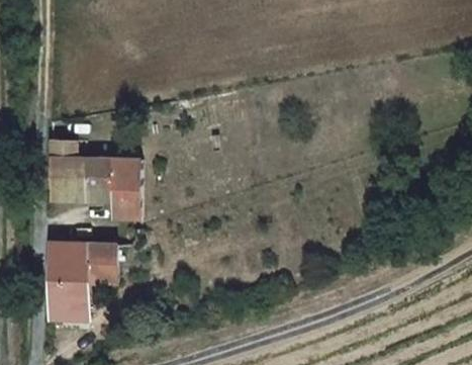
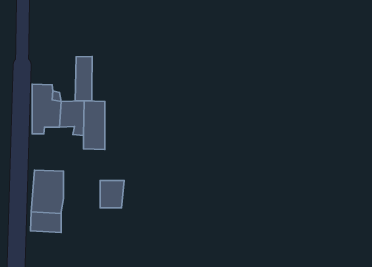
building: none -> [75,57,92,101]
building: [88,245,117,278] -> [100,181,124,208]

